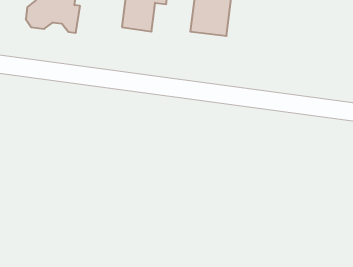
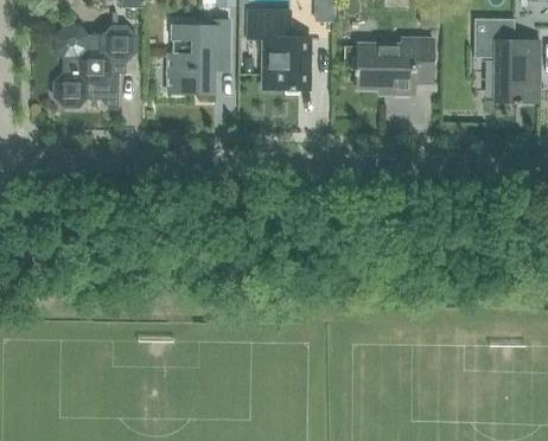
building: none -> [356,38,432,94]

